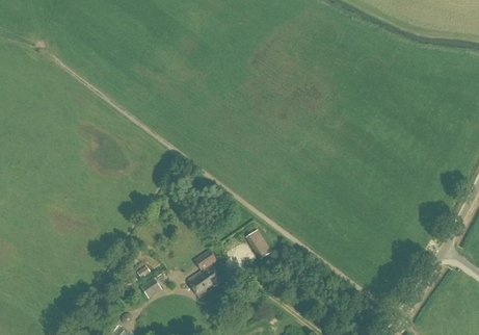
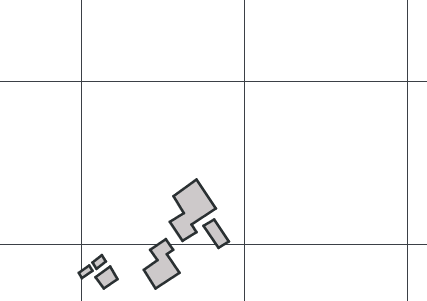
building: none -> [170,180,216,241]

